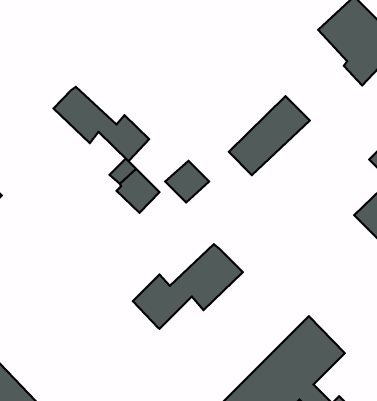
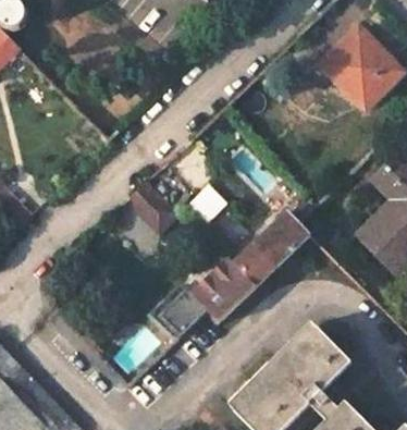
building: [53,87,149,161] -> none
building: [229,96,310,175] -> [232,211,308,285]

